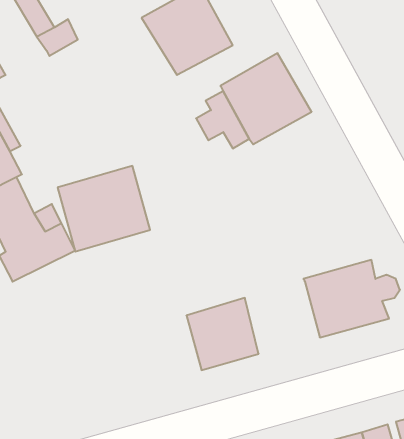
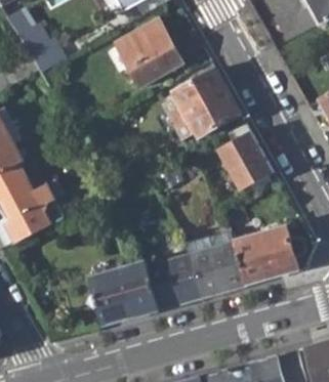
building: none -> [205,123,275,198]
building: [58,166,150,252] -> [90,260,160,325]
building: none -> [189,230,249,296]

